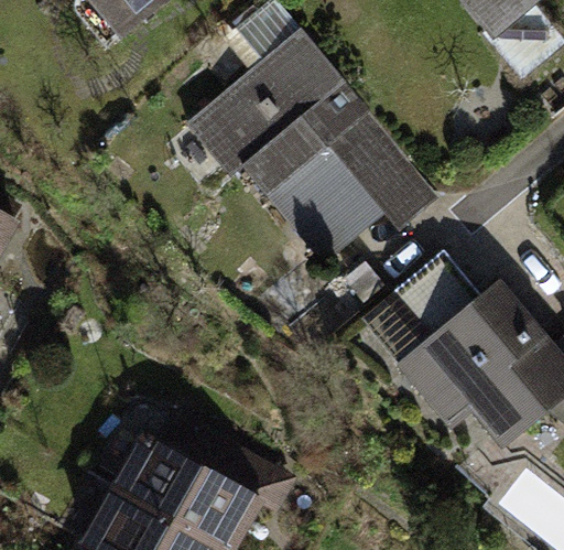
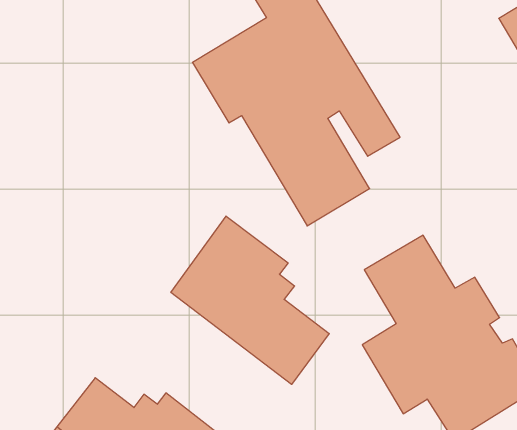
building: none -> [171,216,329,384]

